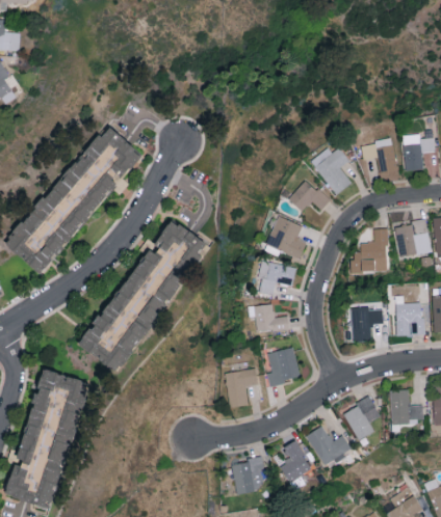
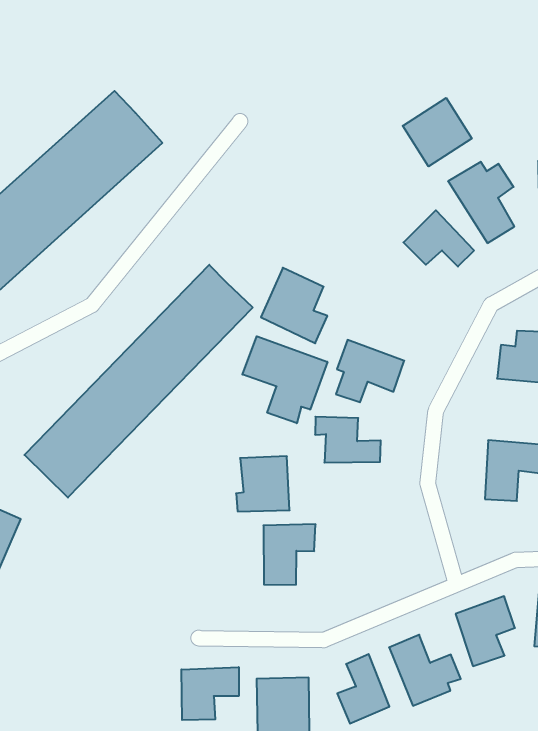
building: none -> [403,98,472,166]
building: [266,216,305,257] -> [261,268,327,343]
building: none -> [242,336,327,423]
building: [266,348,299,383] -> [236,456,290,511]
building: none -> [181,667,239,720]

